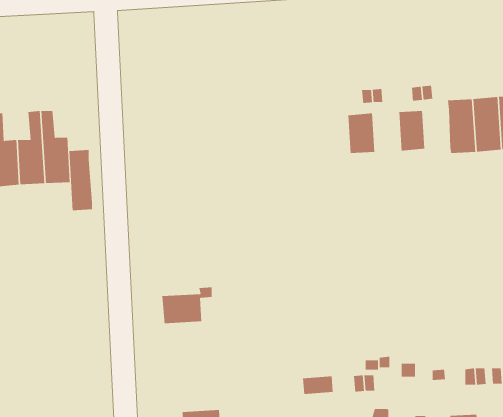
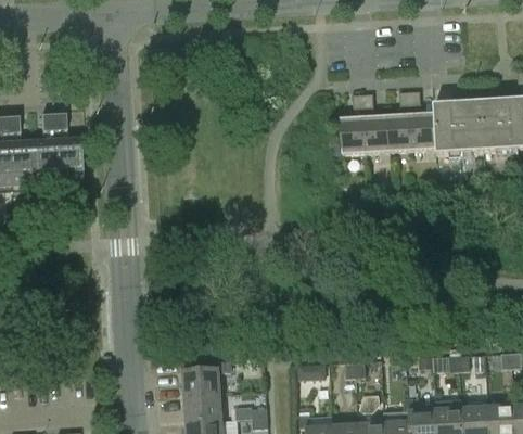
building: none -> [411,112,436,149]
building: none -> [365,114,391,152]
building: [69,149,93,211] -> none
building: [161,287,212,324] -> [183,360,231,395]

